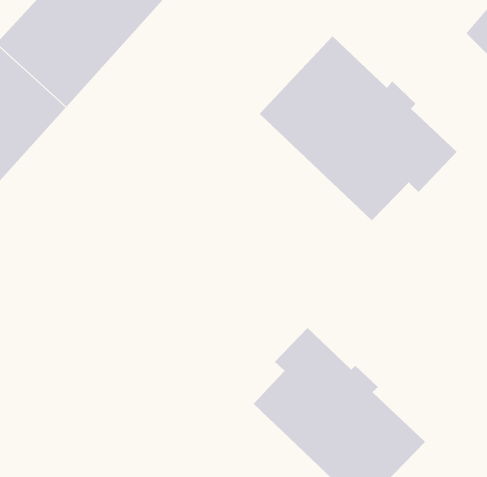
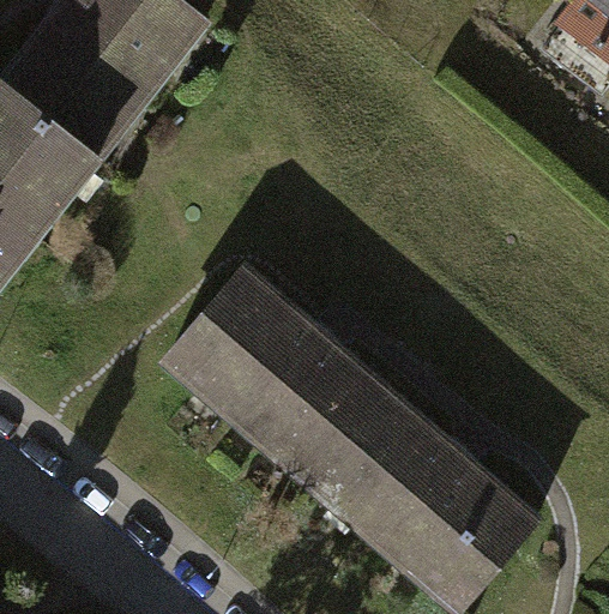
building: [259,35,457,221] -> none
building: none -> [168,272,386,492]

